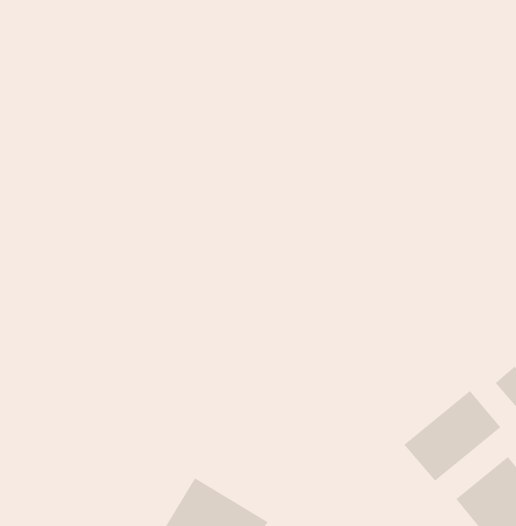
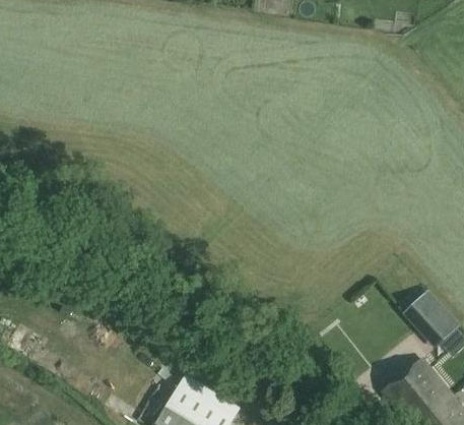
building: [404,390,501,482] -> none

